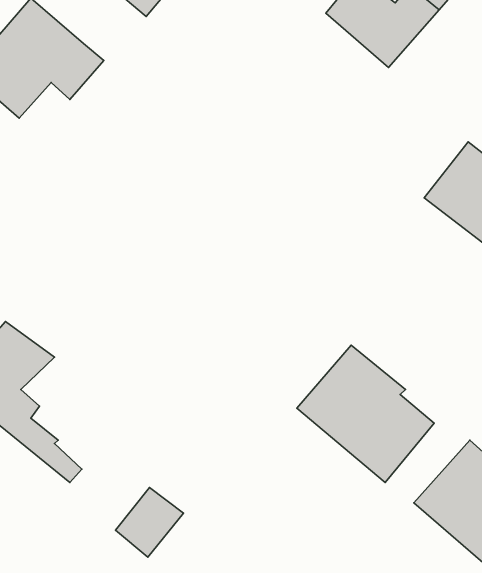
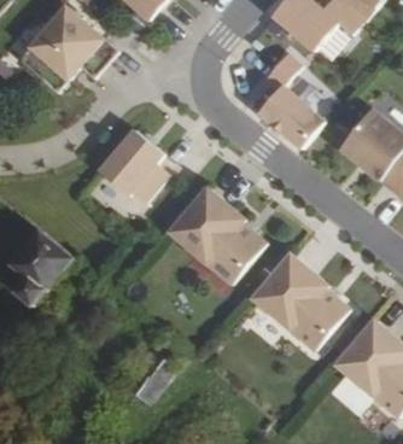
building: none -> [258,48,325,142]
building: none -> [95,130,165,201]
building: none -> [168,186,265,284]

